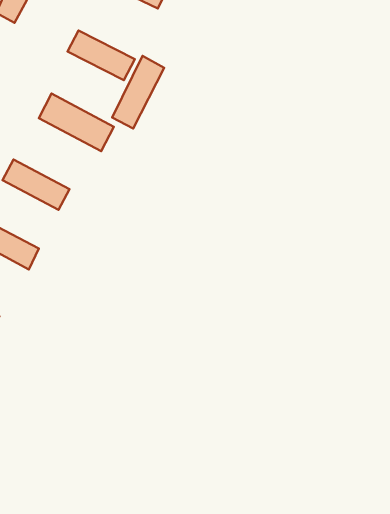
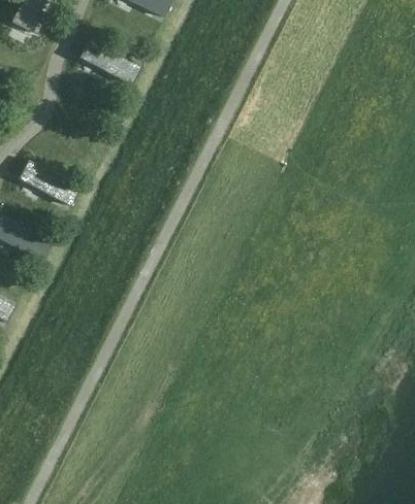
building: [112,56,164,128] -> none
building: [39,94,114,151] -> none

